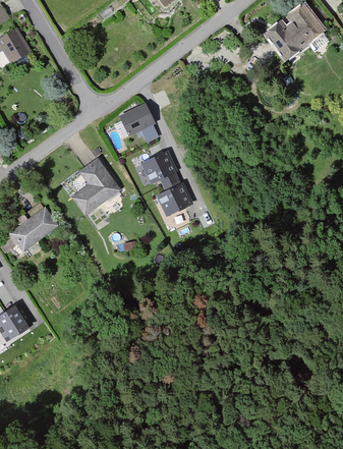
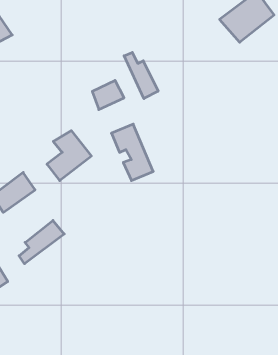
building: none -> [124,52,158,99]
building: none -> [19,220,64,264]

